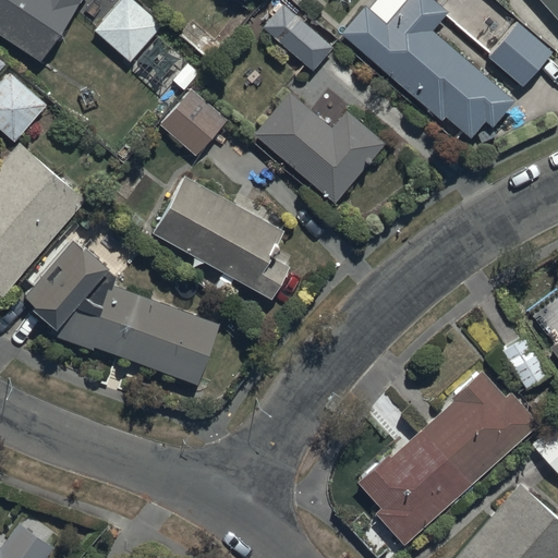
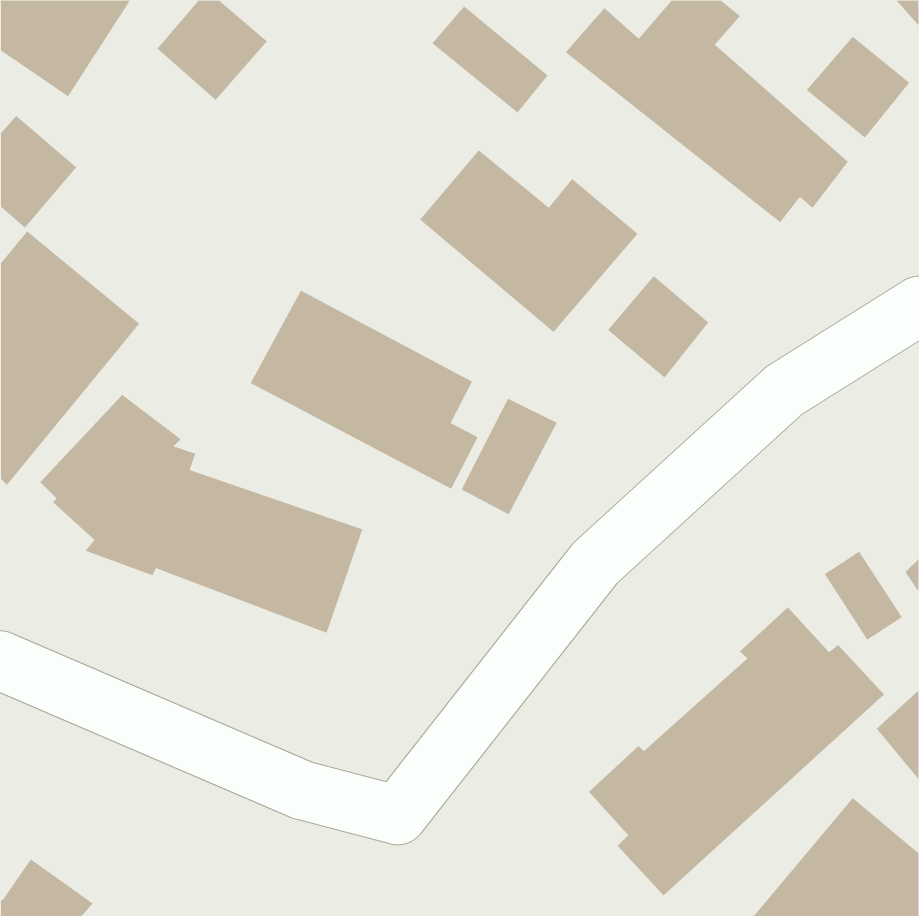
building: [159,89,229,158] -> none
building: none -> [607,275,709,379]
building: none -> [461,398,557,515]

